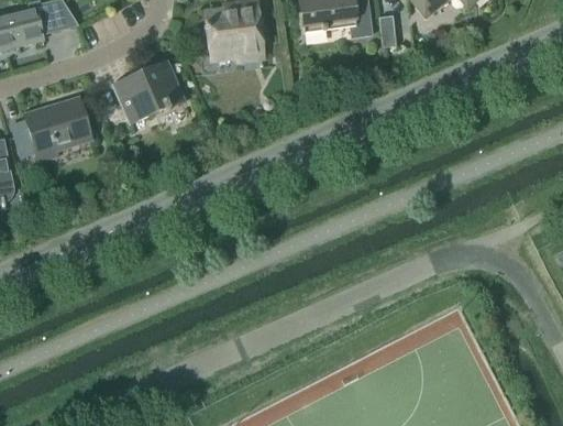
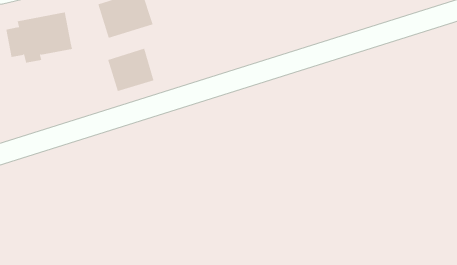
building: none -> [107,48,154,92]

